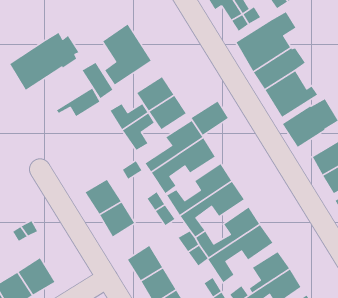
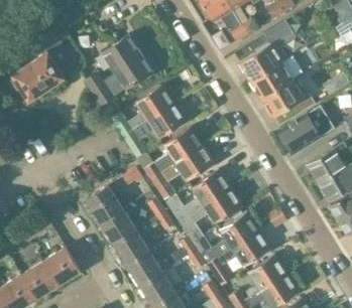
building: [56,87,101,117] -> none
building: [191,100,229,136] -> none
building: none -> [113,227,149,263]
building: none -> [42,246,81,285]

